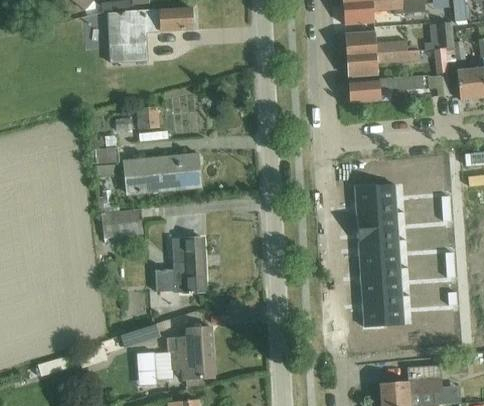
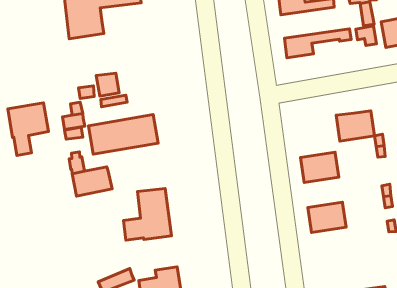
building: [347,49,420,76] -> none
building: none -> [8,103,49,155]
building: [355,183,396,214] -> [336,111,374,141]
building: [359,239,400,270] -> none
building: [363,295,404,326] -> none

